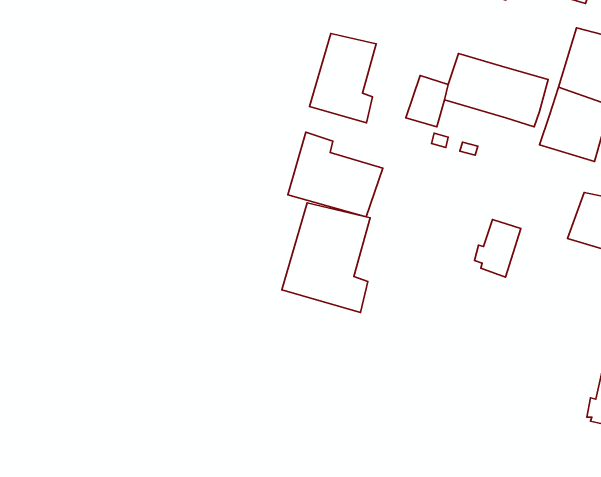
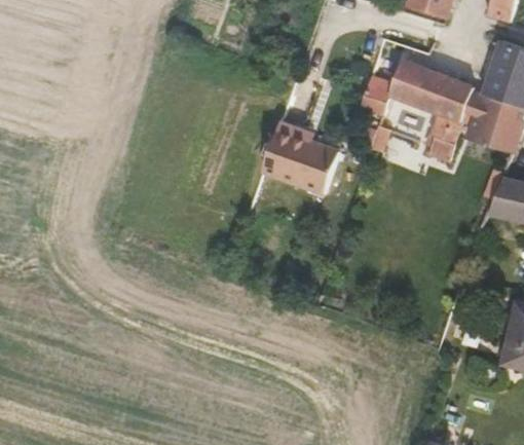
building: [310,34,376,123] -> none
building: [282,203,370,312] -> none
building: [475,219,521,277] -> [429,118,466,164]

